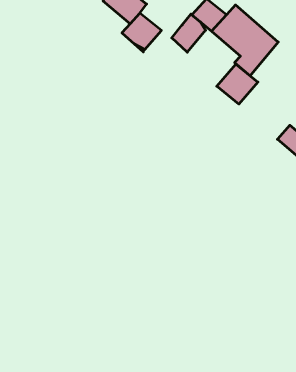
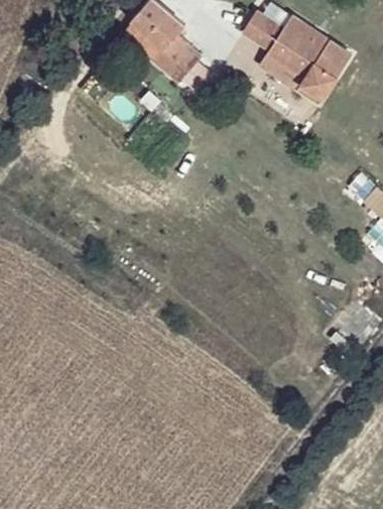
building: [172,14,206,52] -> none
building: [217,64,258,104] -> none

